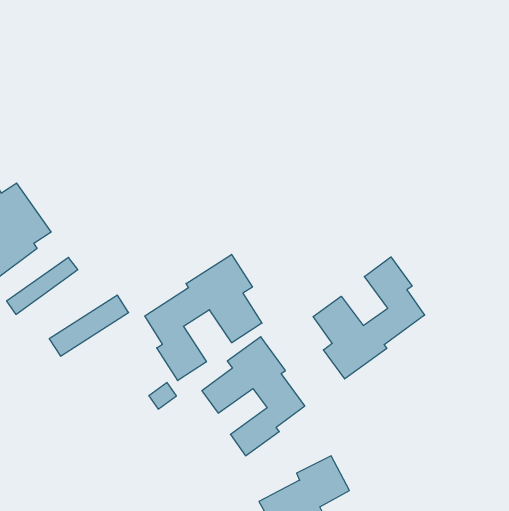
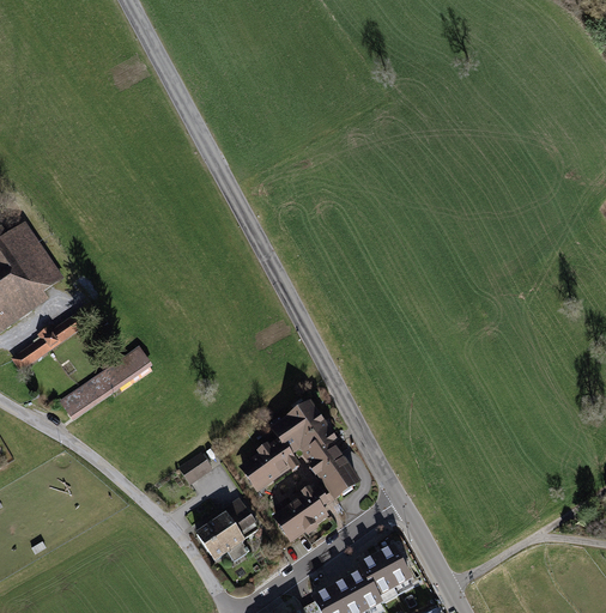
building: [145,254,262,381] -> none
building: [313,257,425,379] -> none
building: none -> [194,496,259,560]

